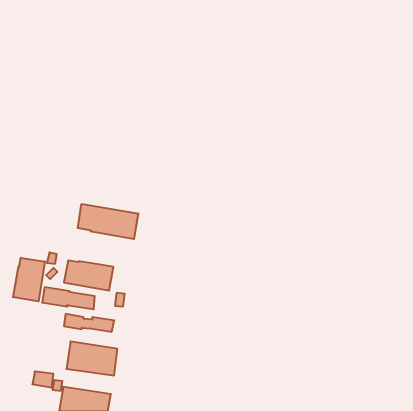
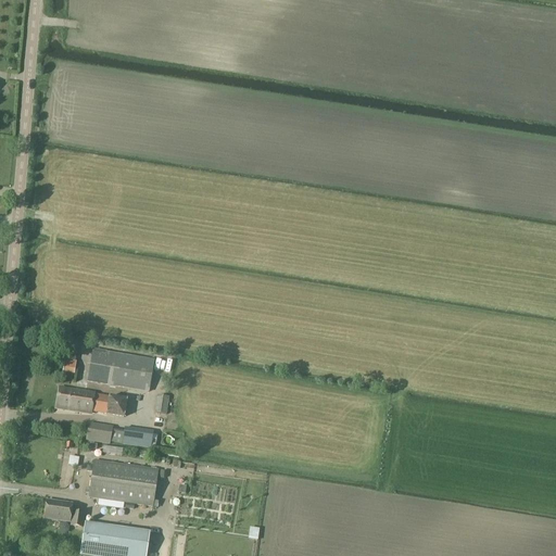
building: [78,204,138,239] -> none
building: [13,258,45,301] -> none

